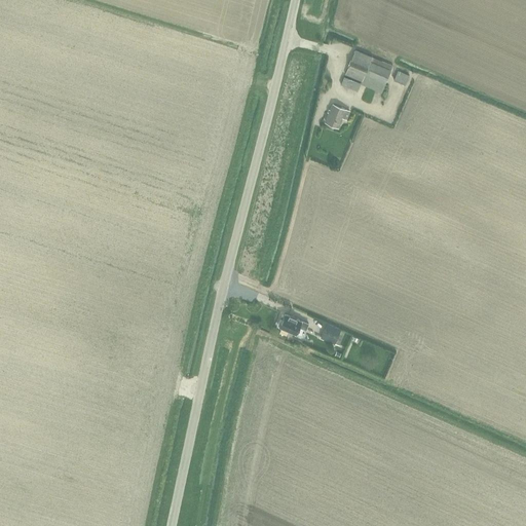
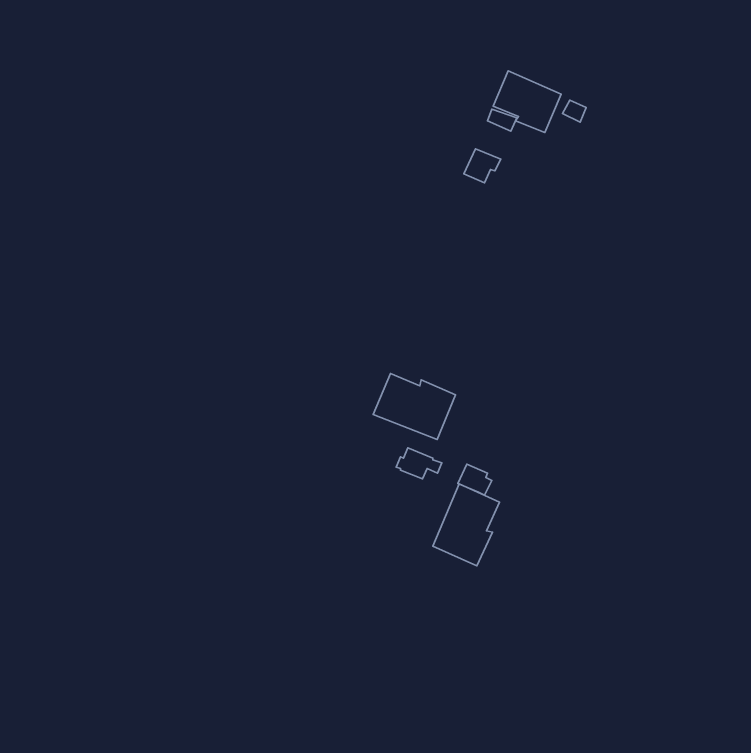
building: none -> [373,373,456,440]
building: none -> [433,484,500,566]

